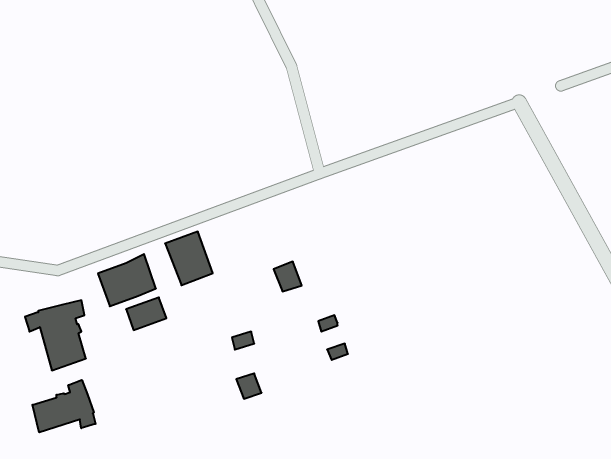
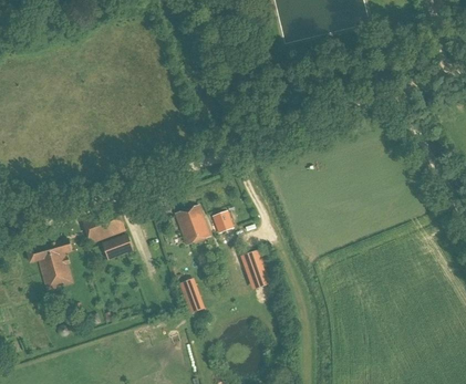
building: [165,232,213,285] -> [175,205,210,245]
building: [32,380,96,432] -> none

